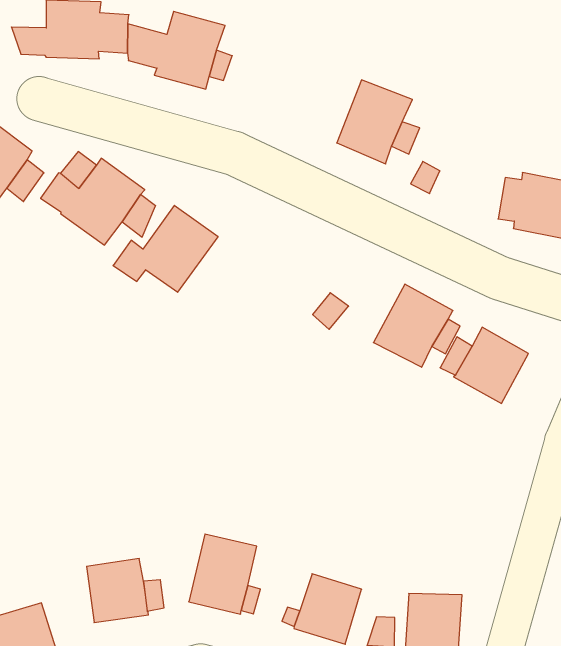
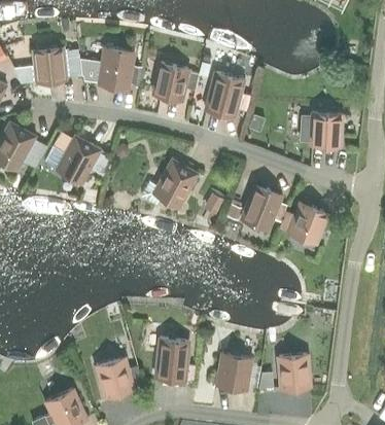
building: none -> [152,64,199,102]
building: [113,205,218,292] -> [141,160,198,208]

